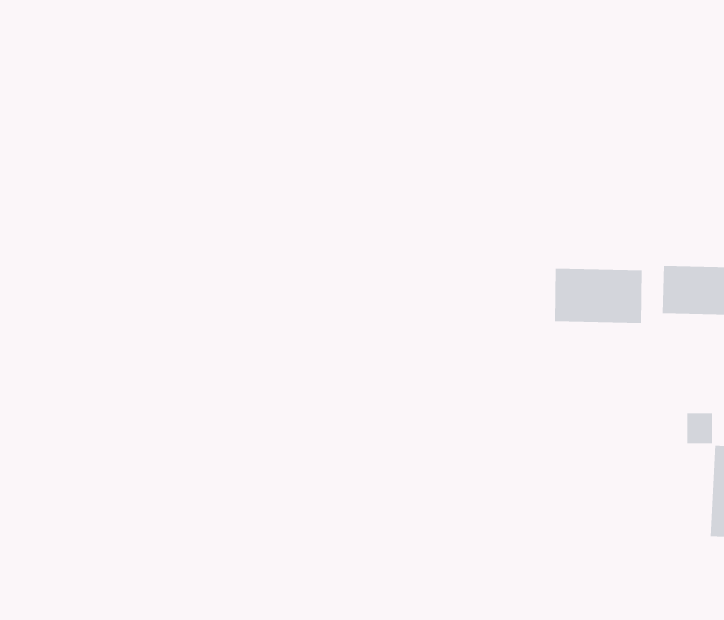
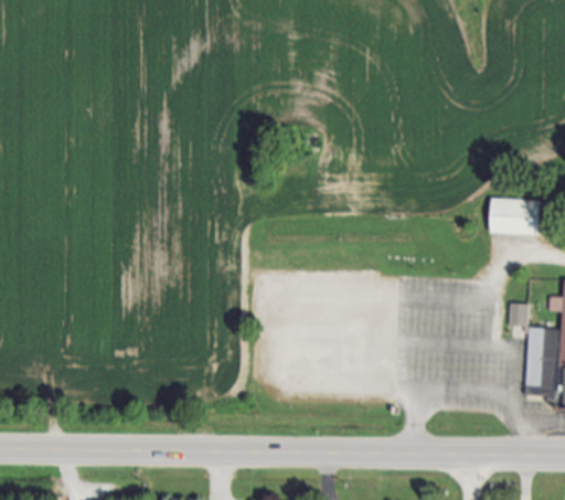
building: [555,268,642,324] -> none

